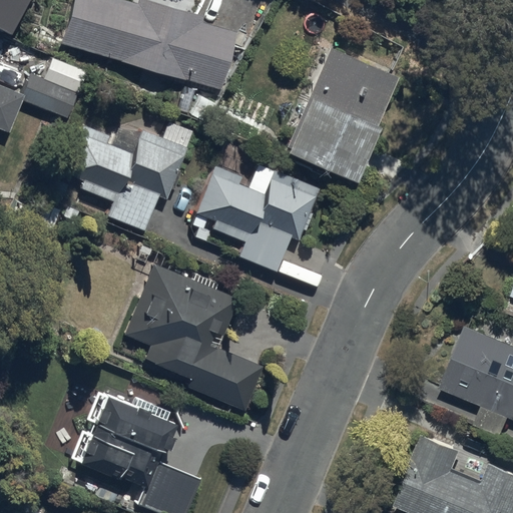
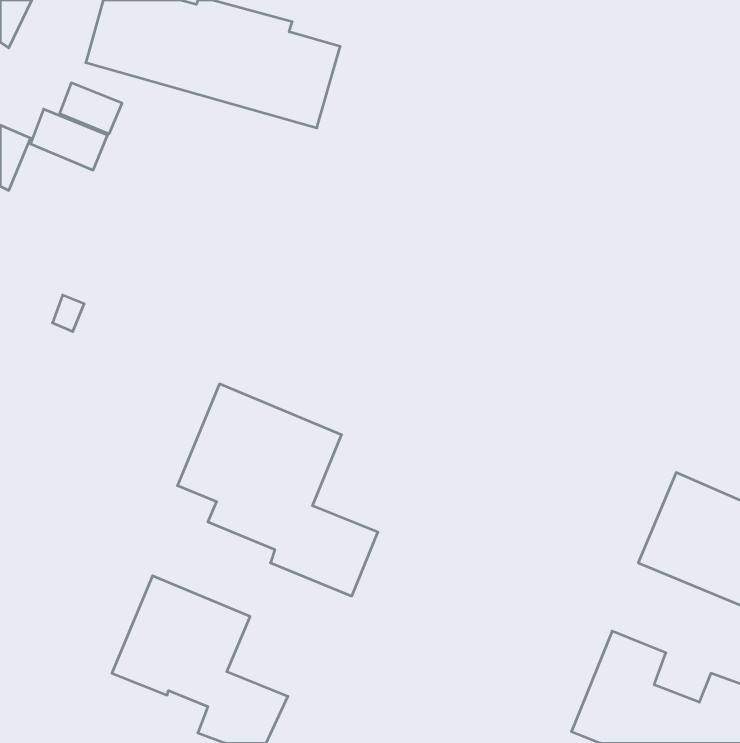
building: [285,48,398,182] -> none
building: [63,124,187,230] -> none
building: [195,164,319,272] -> none

